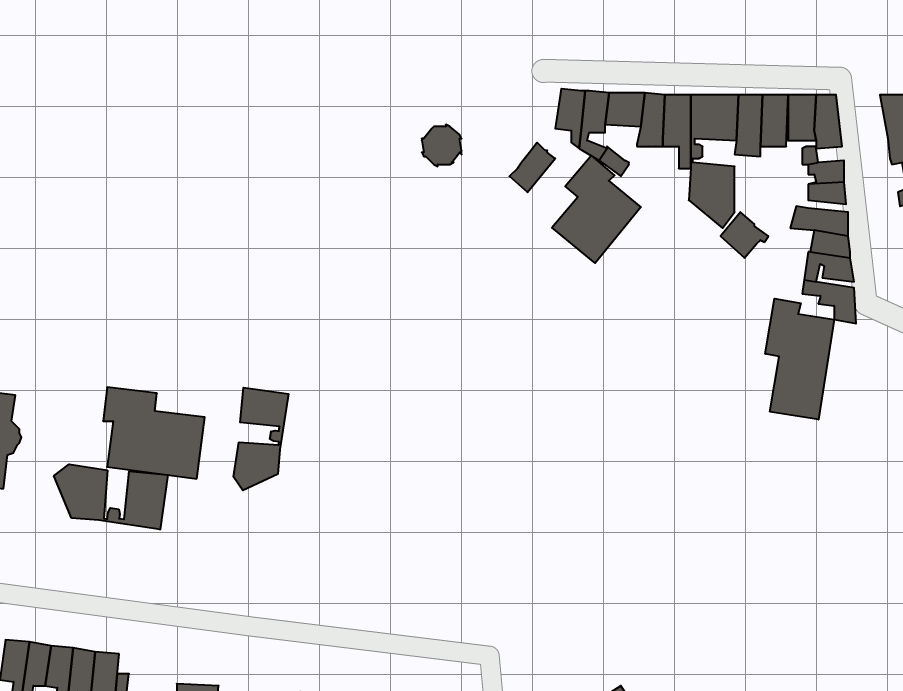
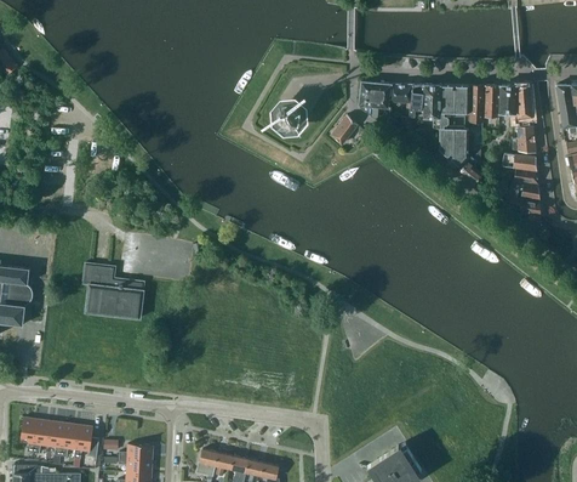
building: [552,156,641,263] -> none
building: [765,299,834,420] -> none
building: [234,388,288,490] -> none
building: [54,464,168,530] -> none

